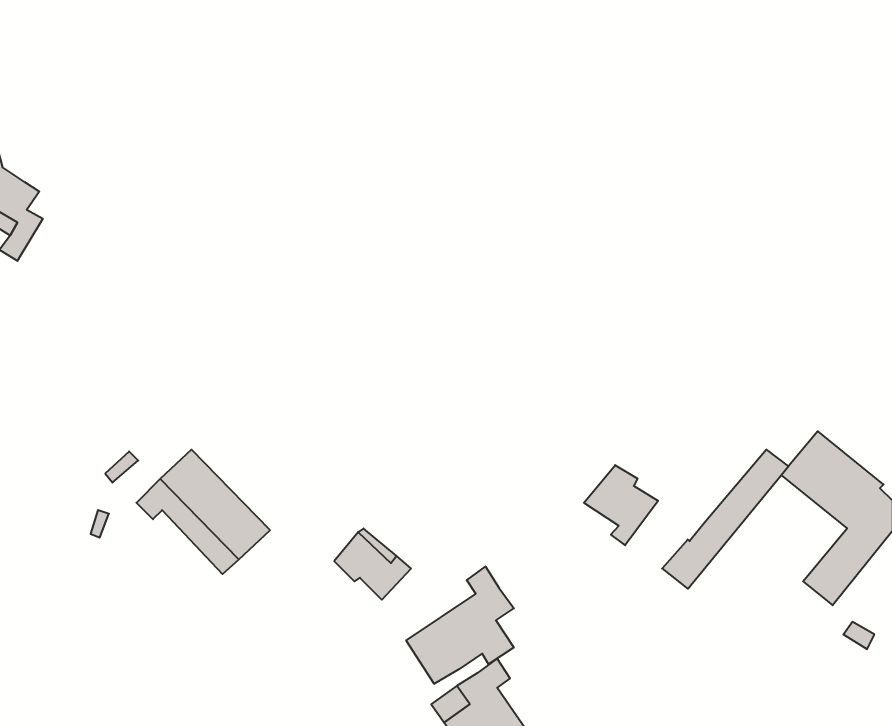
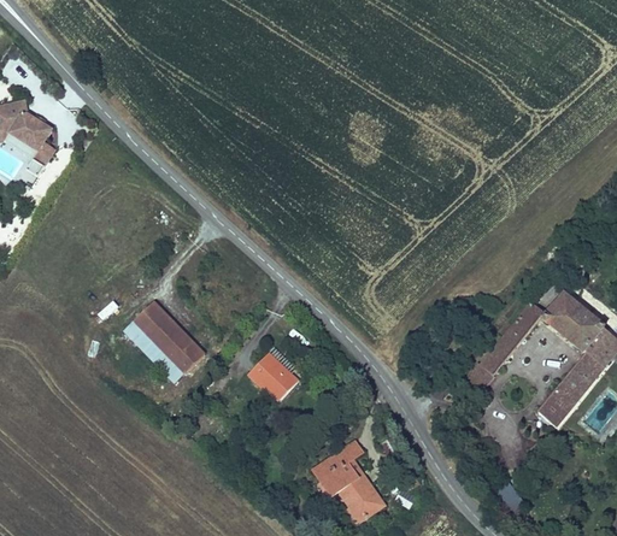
building: [584,465,658,545] -> none
building: [406,566,514,684] -> none
building: none -> [537,387,575,425]

